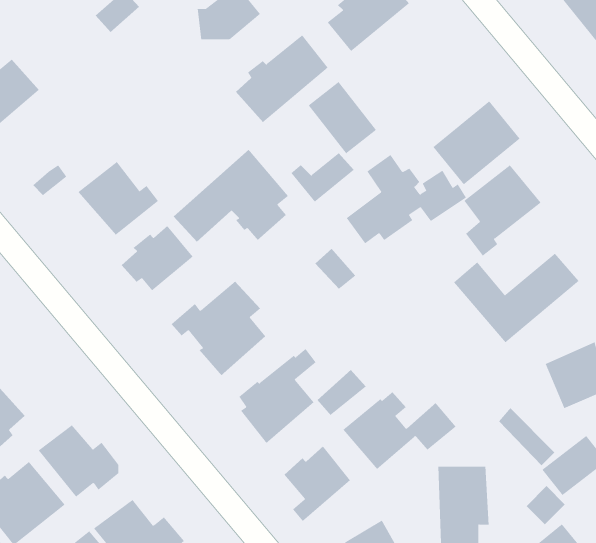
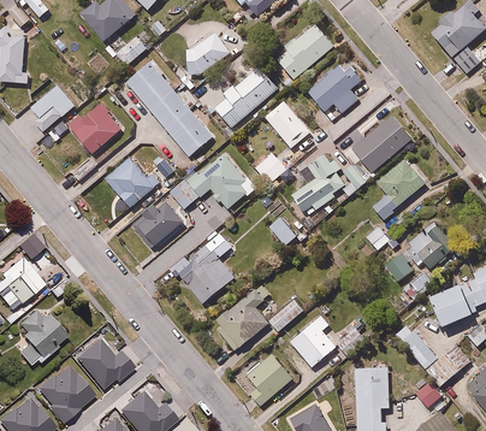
building: none -> [125,59,217,158]
building: none -> [307,64,364,116]
building: none -> [66,101,124,154]

